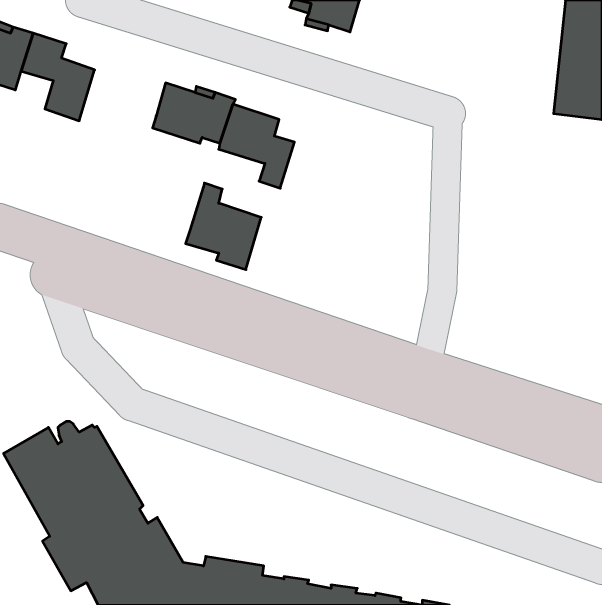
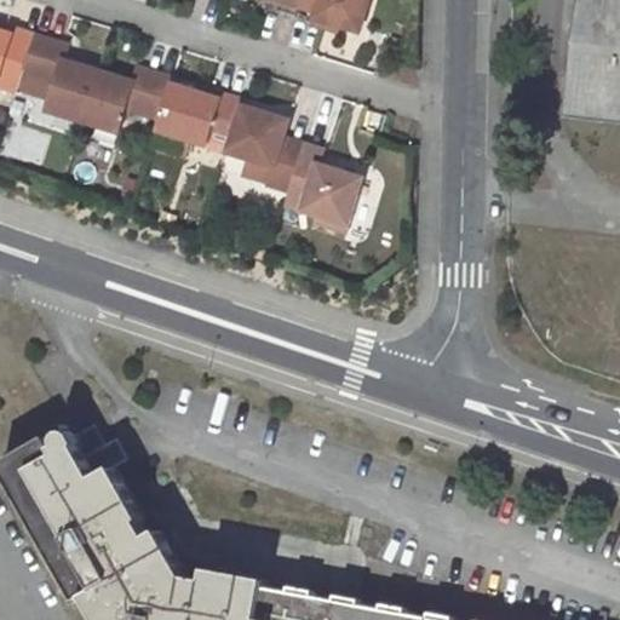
building: none -> [81,67,172,134]
building: [186,183,261,270] -> [282,145,360,234]

